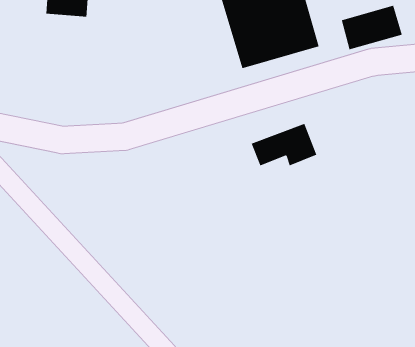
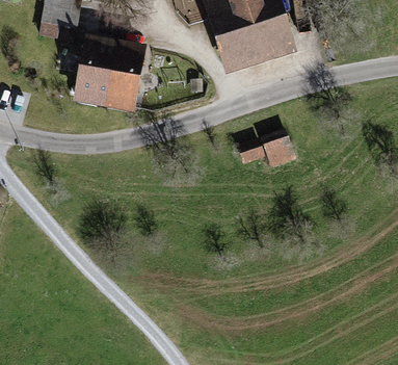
building: [341,5,402,50] -> none
building: none -> [72,36,142,112]

